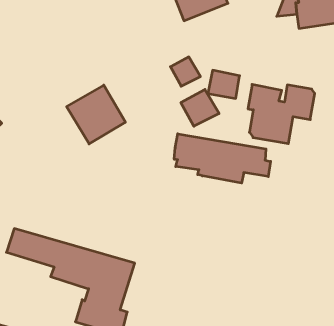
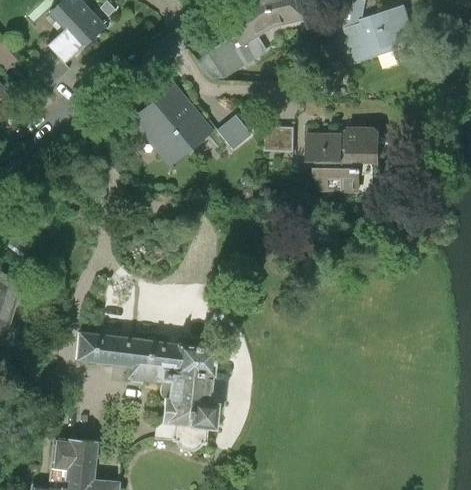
building: [67,85,125,144] -> [138,91,204,157]
building: [181,89,219,126] -> none
building: [174,134,271,183] -> none

